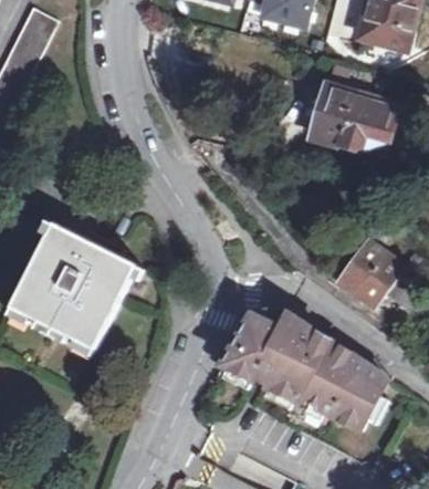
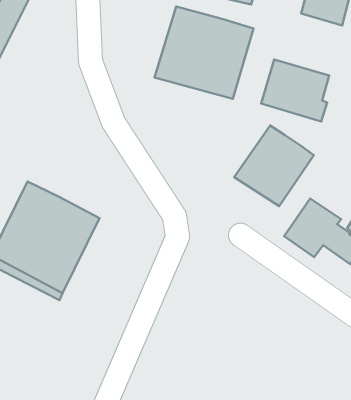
building: none -> [155,6,254,99]
building: none -> [234,126,314,206]
building: [221,309,387,428] -> none

